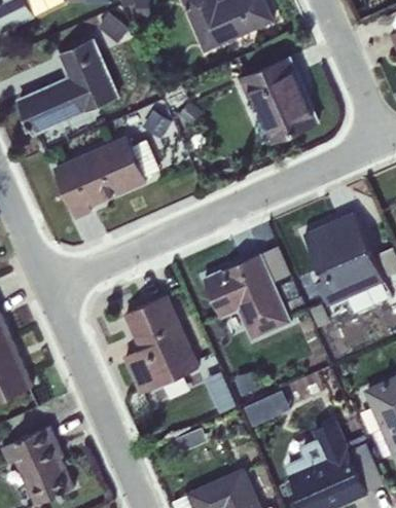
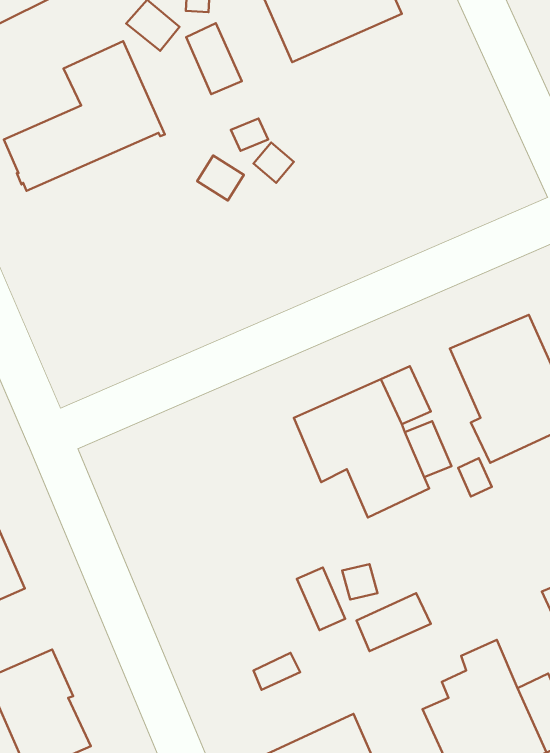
building: none -> [186,23,242,94]
building: [237,58,318,141] -> none
building: [55,137,159,216] -> none
building: [124,294,197,393] -> none

